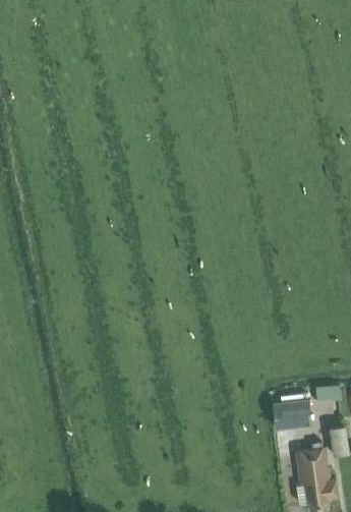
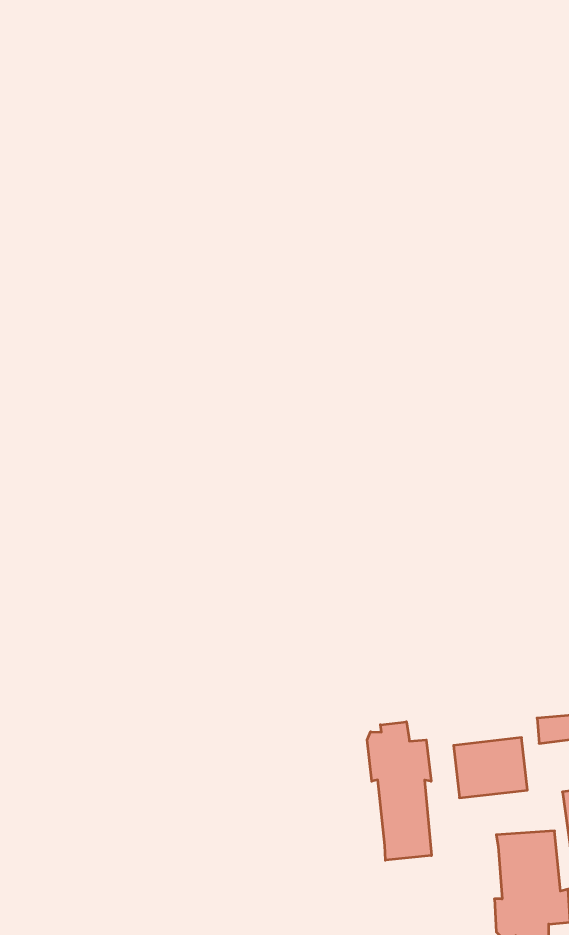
building: none -> [367,722,431,860]

